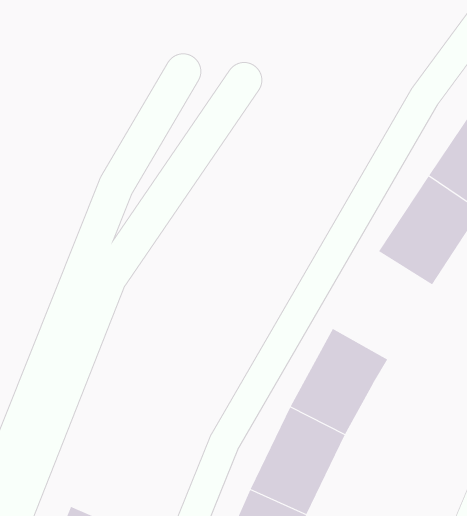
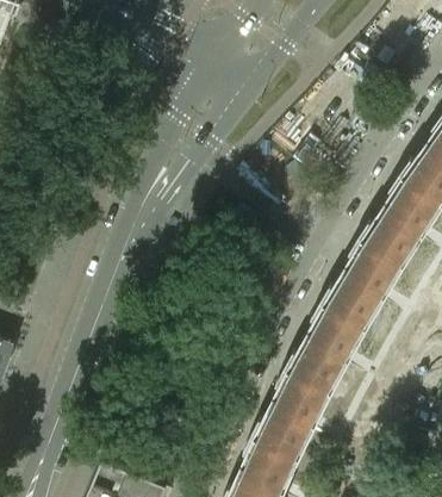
building: none -> [319,244,403,335]

